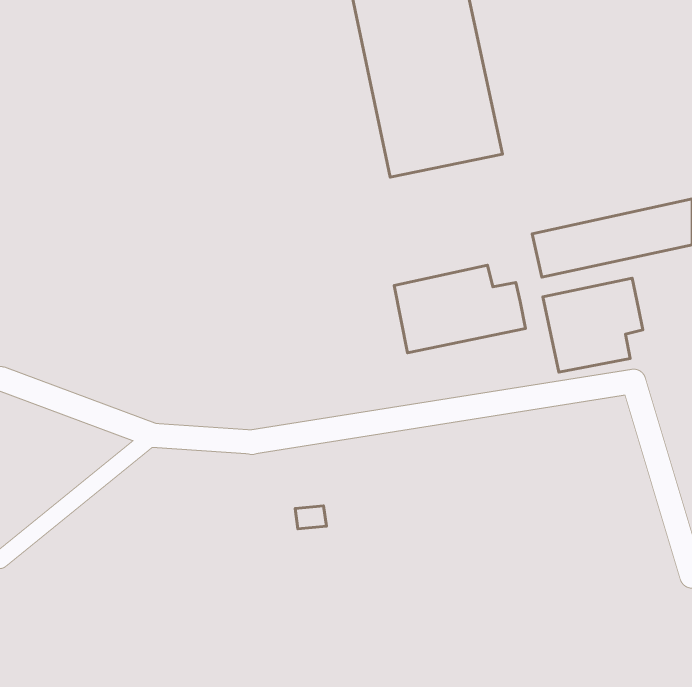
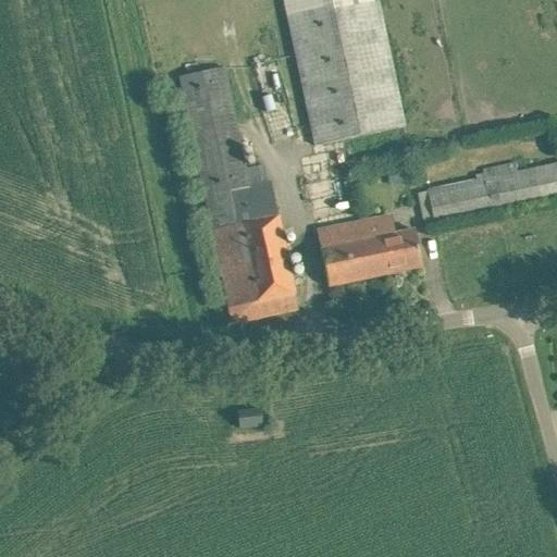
building: none -> [180,63,298,320]
building: [543,278,643,372] -> none

